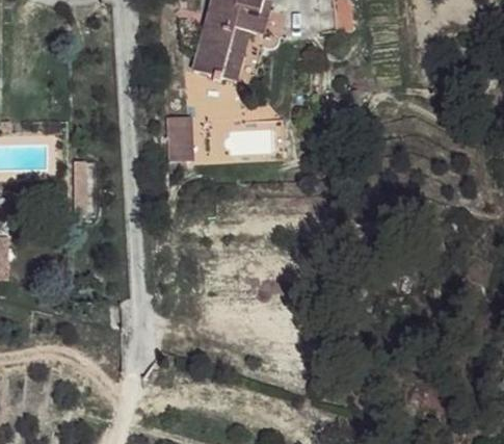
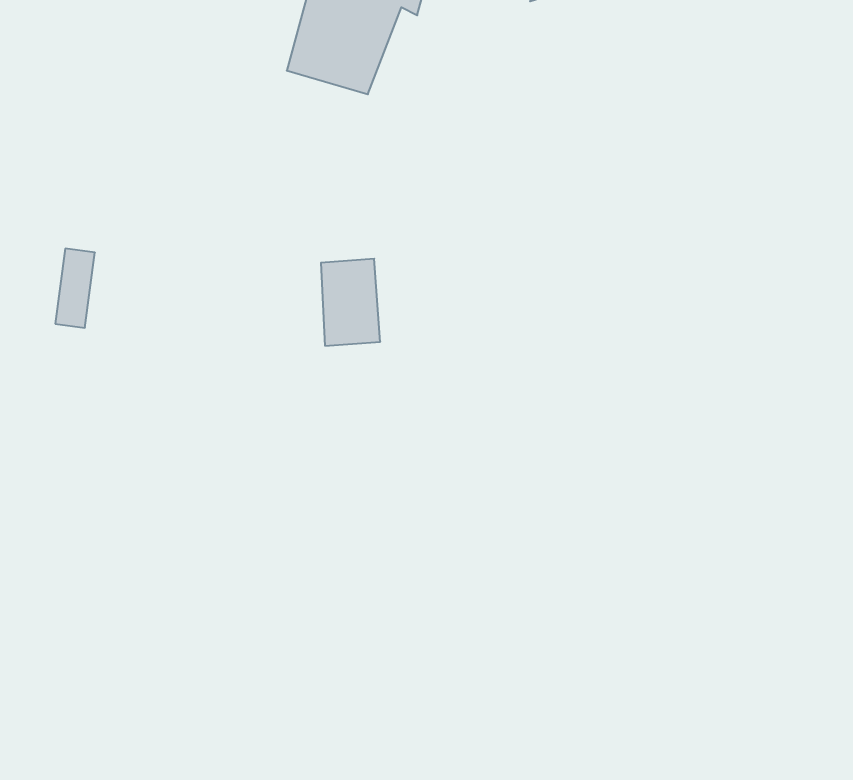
building: [166,113,197,159] -> [321,259,380,346]

